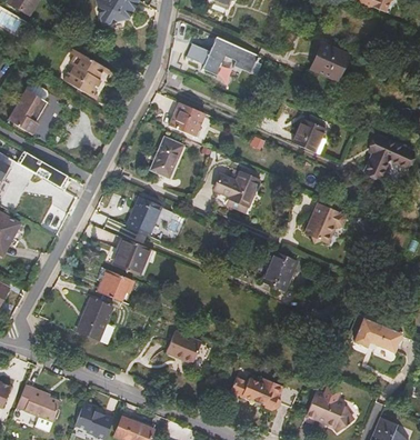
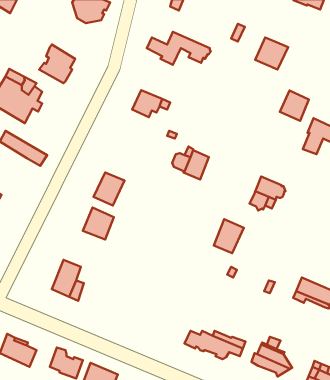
building: [292,118,326,152] -> [280,91,309,121]
building: [150,137,182,177] -> none
building: [98,270,133,301] -> none
building: [166,331,200,361] -> none

